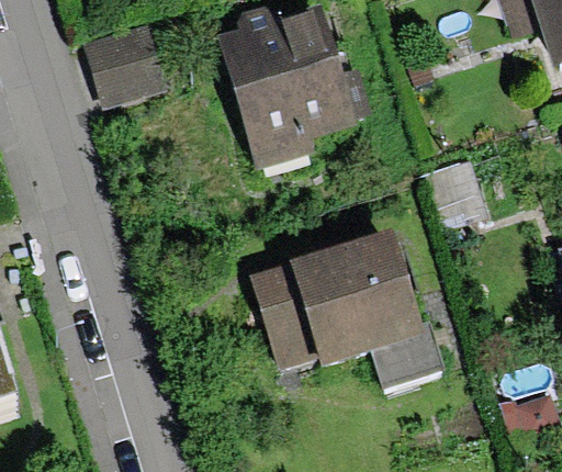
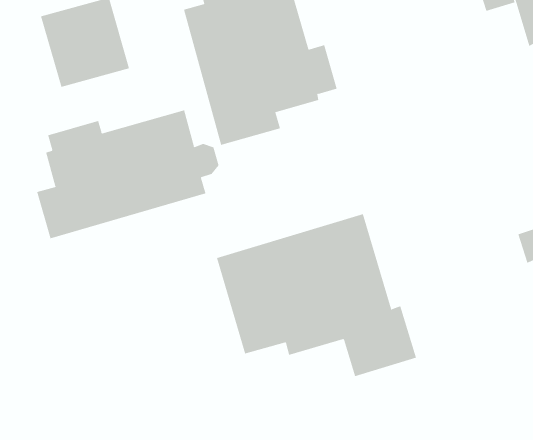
building: none -> [37,109,219,239]

